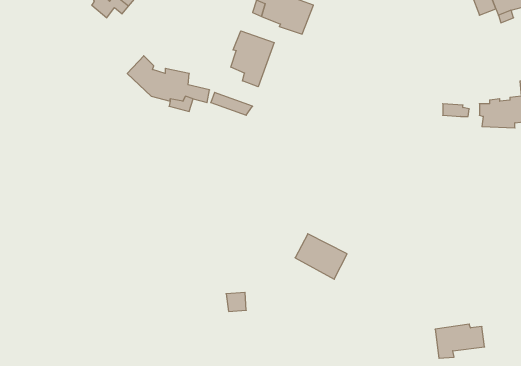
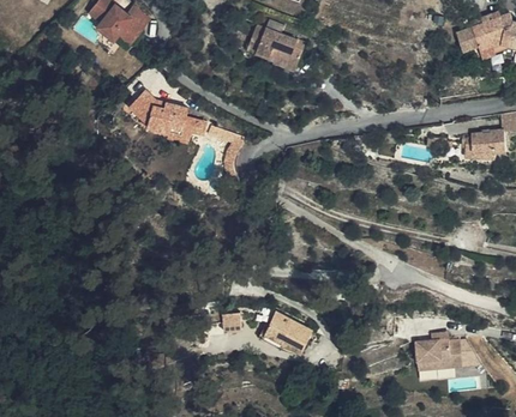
building: [231,31,274,87] -> none
building: [295,234,347,279] -> [264,312,313,355]

